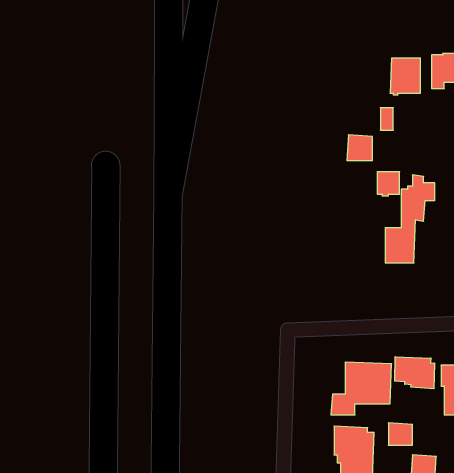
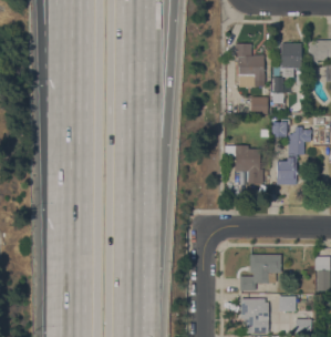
building: none -> [235,43,265,88]
building: none -> [224,145,263,183]
building: [395,357,434,389] -> none

